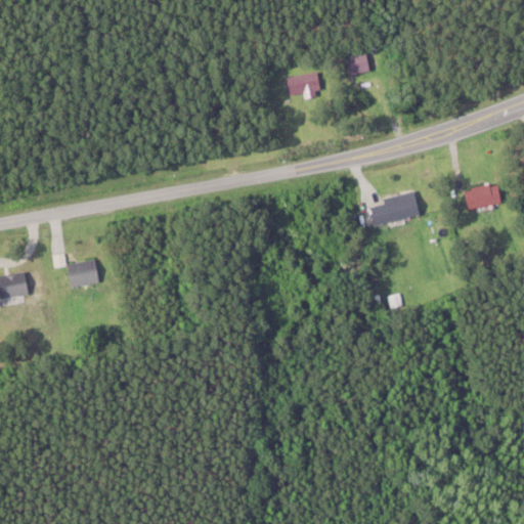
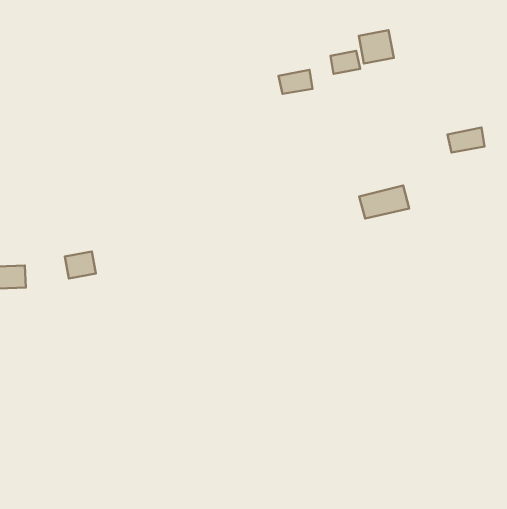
building: none -> [359,30,394,63]
building: [463,183,500,209] -> [448,128,485,153]

